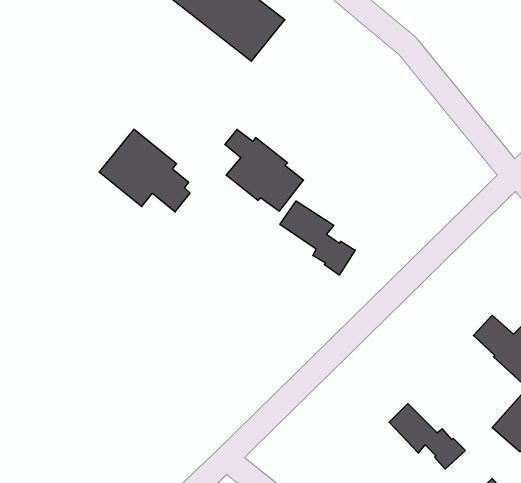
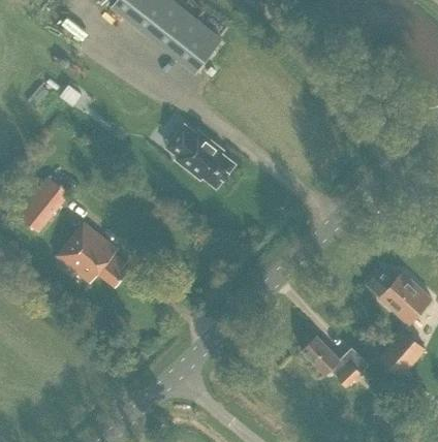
building: [99,129,190,212] -> [57,222,127,286]
building: [280,201,355,275] -> none
building: none -> [19,185,64,231]

